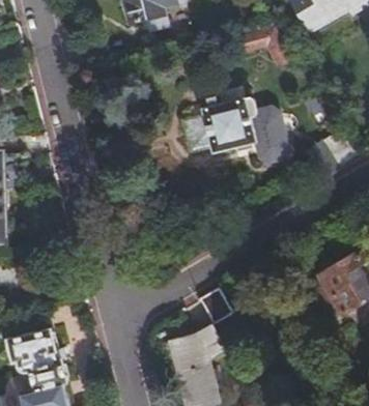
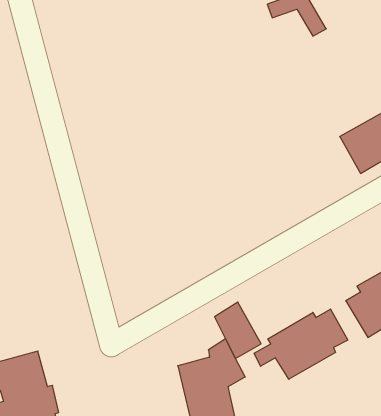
building: [186,83,289,164] -> none
building: none -> [254,309,348,379]

